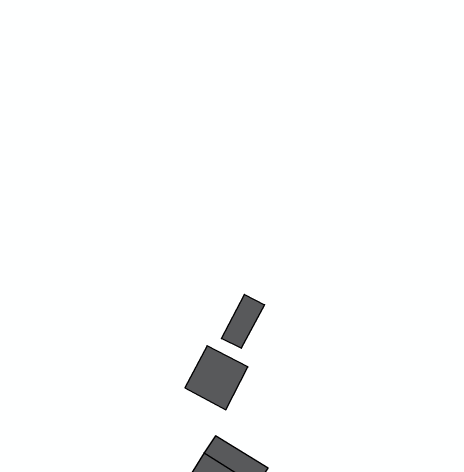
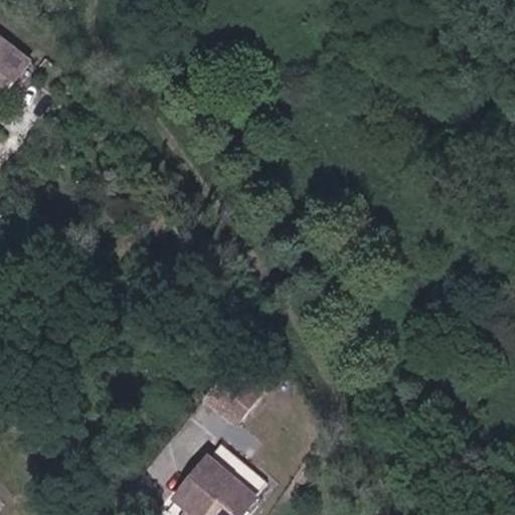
building: [221,294,265,348] -> none

